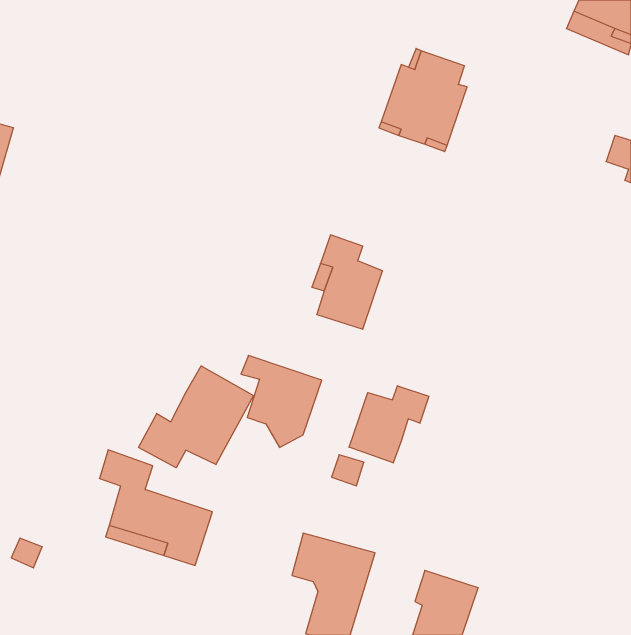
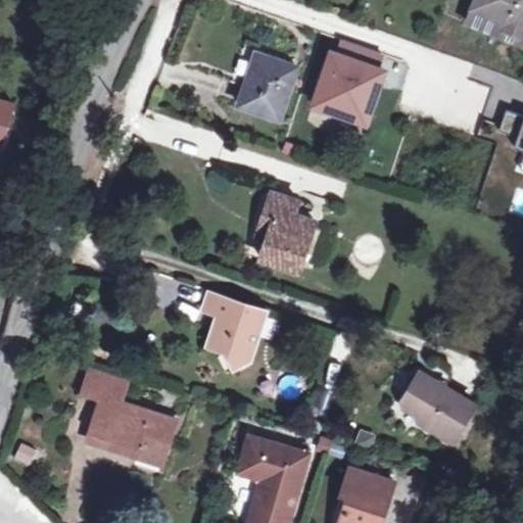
building: none -> [238,53,296,120]
building: [139,366,254,468] -> none
building: [349,386,429,463] -> none
building: none -> [405,373,476,444]

